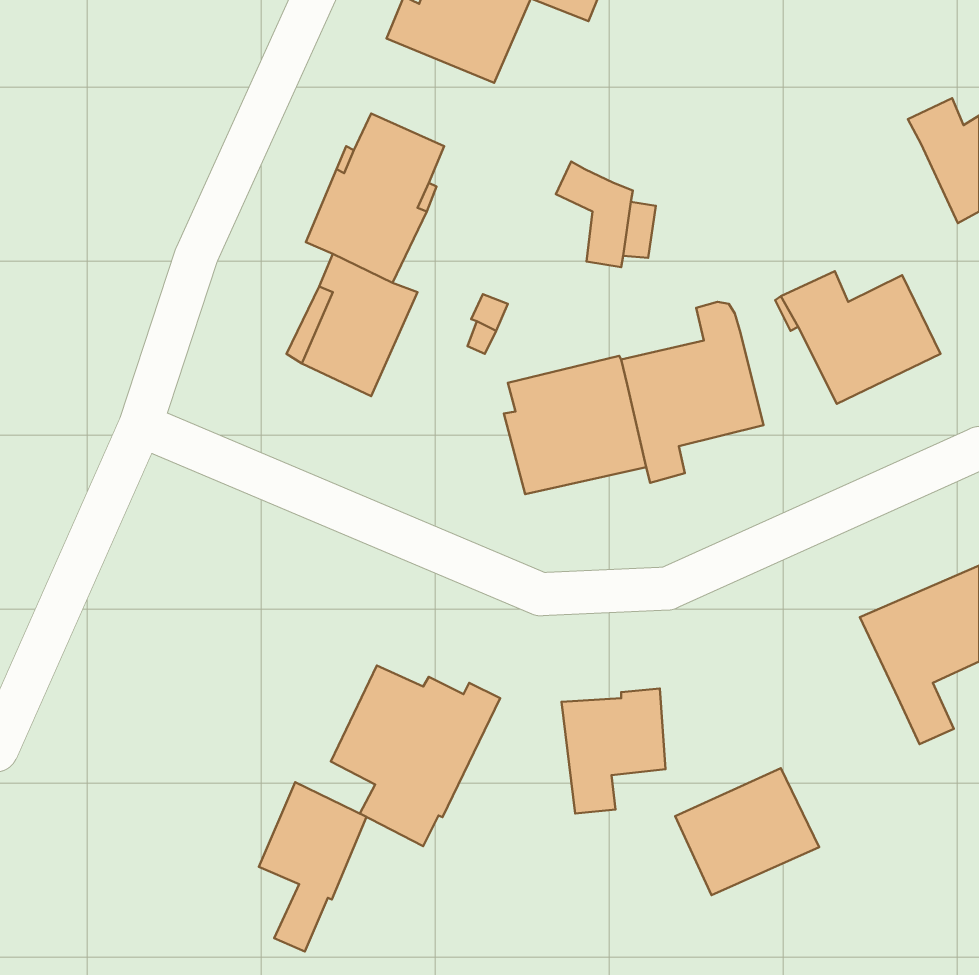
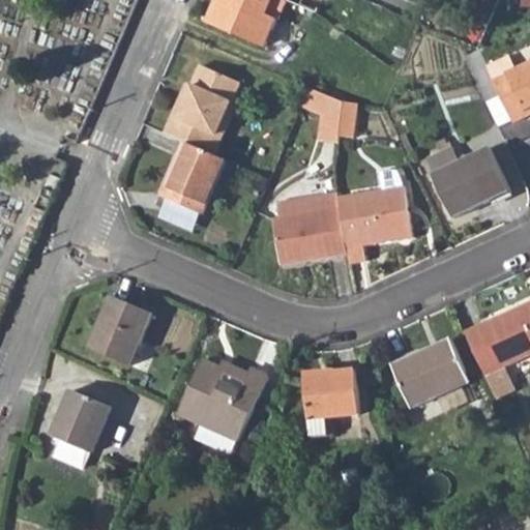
building: none -> [88,293,151,363]
building: [675,768,819,895] -> [391,340,469,408]
building: [259,782,366,952] -> [50,385,108,476]

